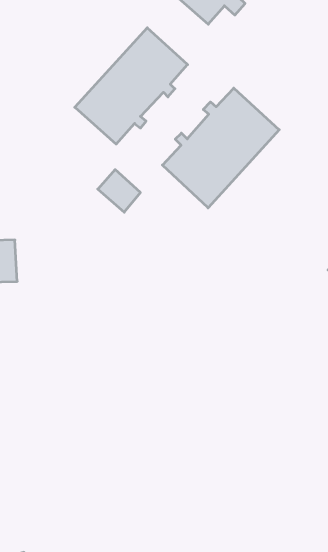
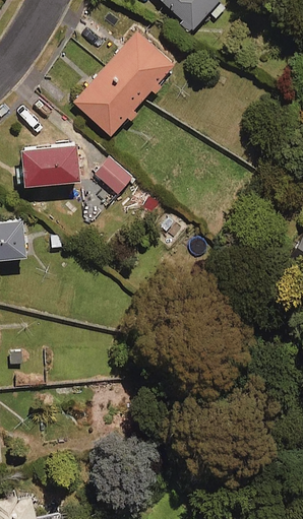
building: [162,88,279,208] -> none
building: none -> [20,141,78,183]

